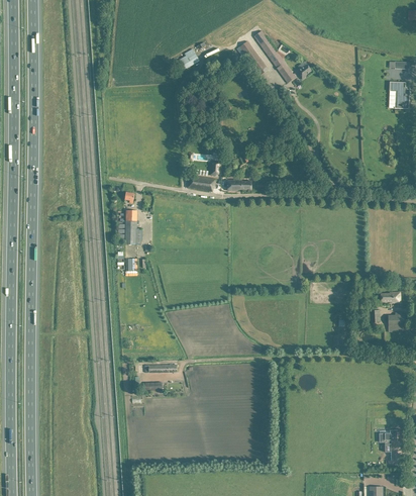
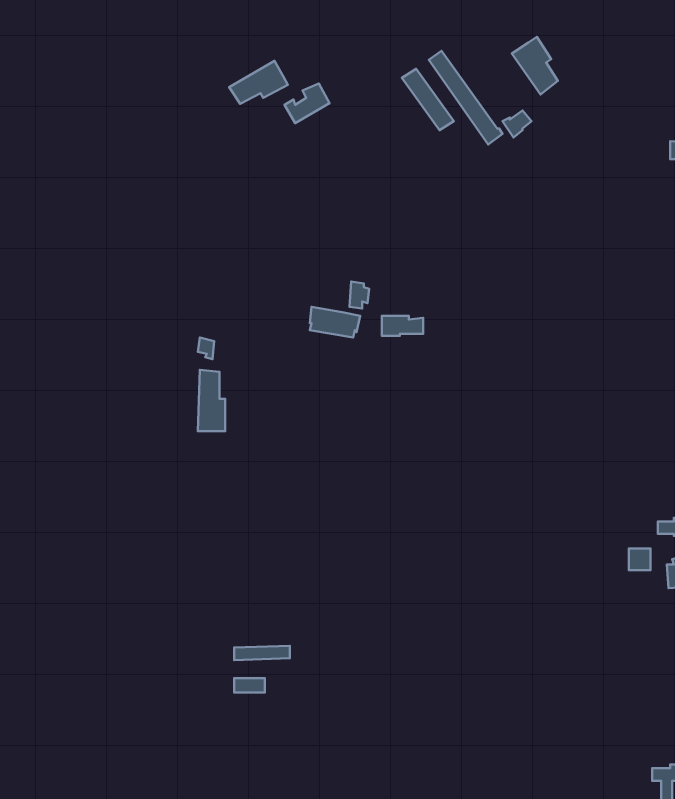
building: none -> [512,37,558,94]
building: none -> [229,61,288,104]

